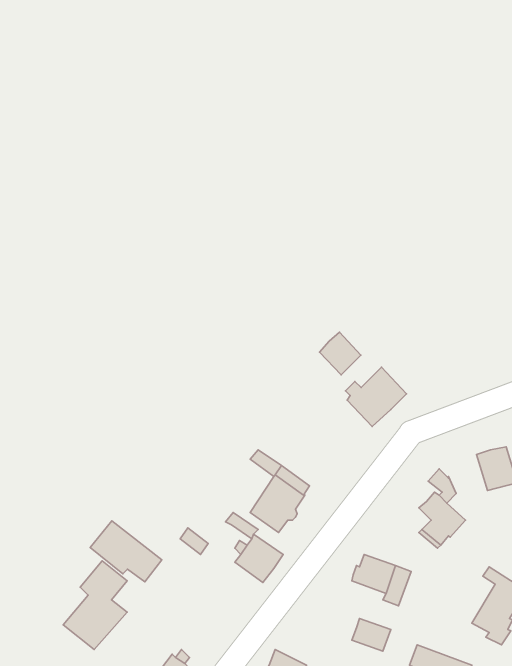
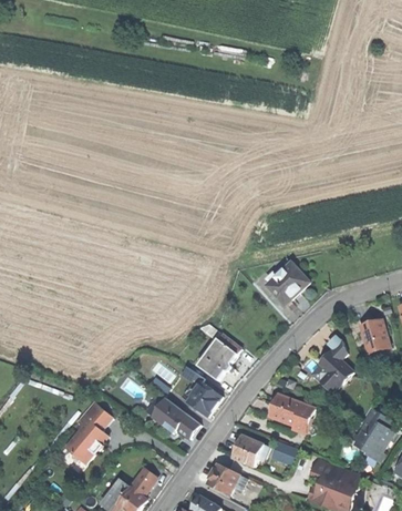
building: [320,332,361,375] -> none
building: [90,521,162,582] -> [153,395,204,438]
building: none -> [233,436,268,466]

